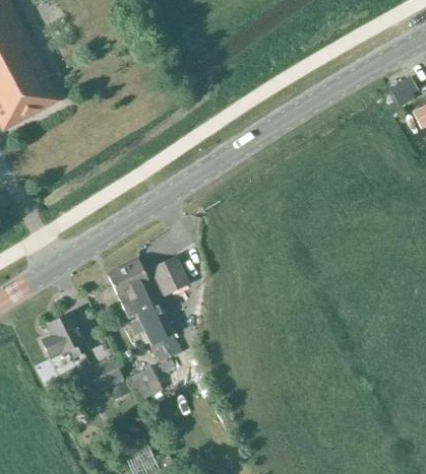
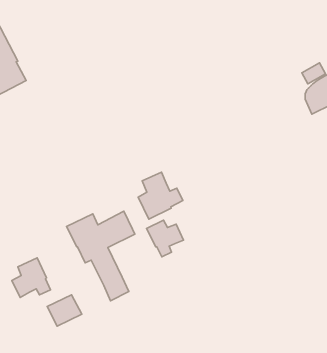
building: none -> [138,172,183,219]
building: none -> [147,220,184,257]
building: [129,368,163,402] -> none

